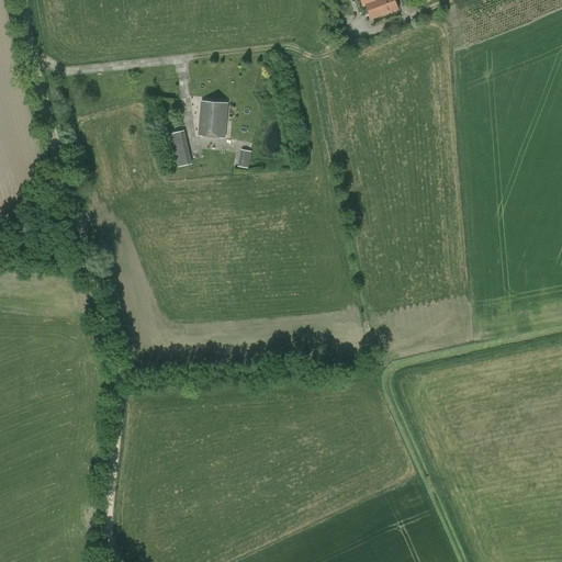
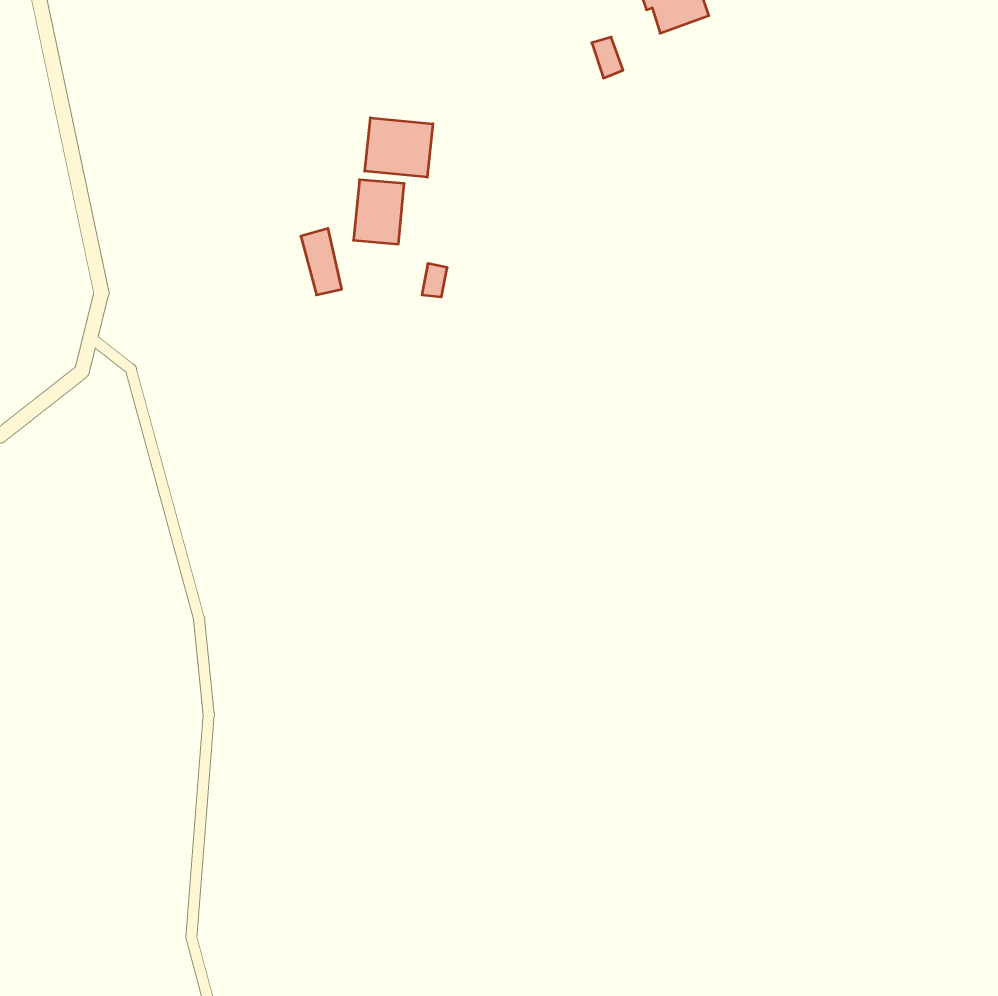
building: none -> [365,118,433,177]

